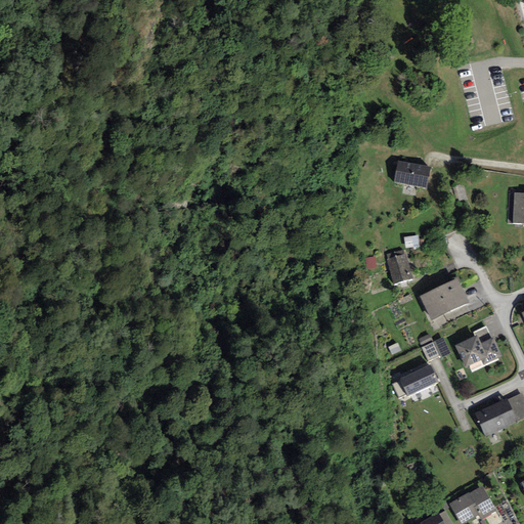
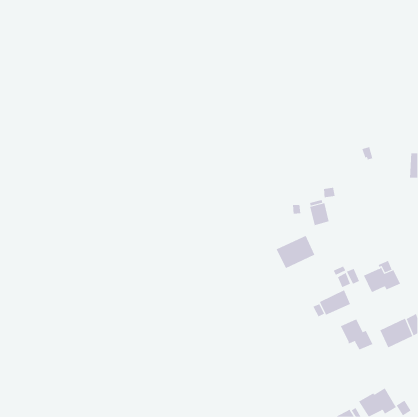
building: [394,160,431,188] -> none
building: [420,277,469,319] -> [276,235,315,269]
building: none -> [340,319,373,351]

